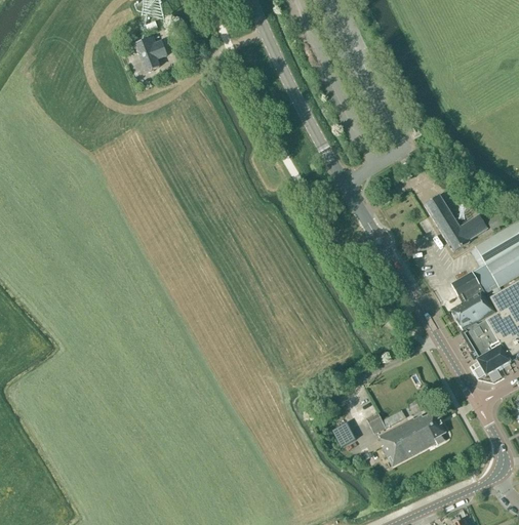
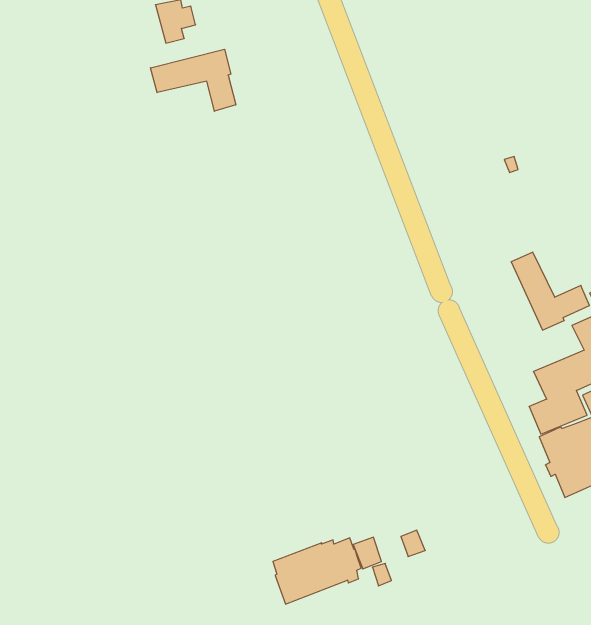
building: none -> [151,49,236,111]
building: [380,410,446,466] -> [273,538,361,604]

